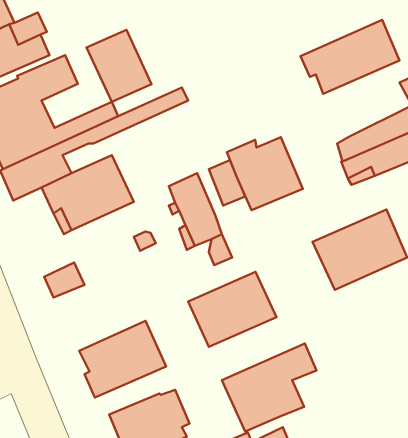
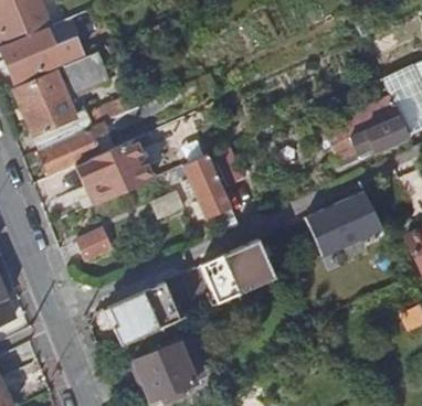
building: [301,20,400,94] -> none
building: [87,30,152,102] -> none
building: [227,137,303,210] -> none
building: [222,344,316,432] -> none

